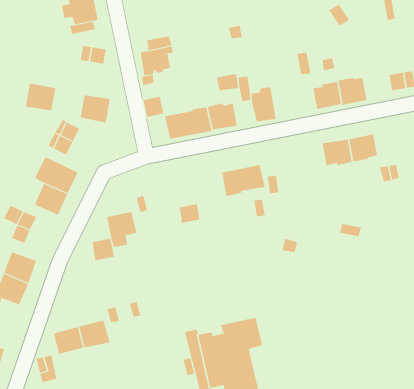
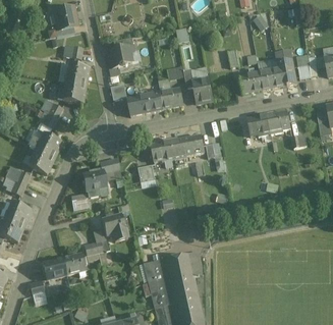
building: none -> [275,49,296,86]
building: [25,83,56,111] -> [65,63,89,85]
building: none -> [151,141,173,166]
building: none -> [101,213,127,240]

